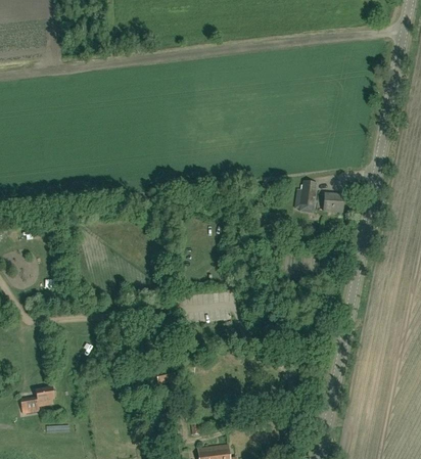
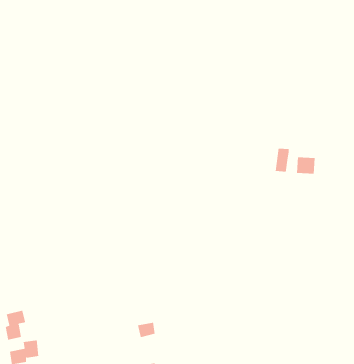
building: none -> [5,310,26,341]

